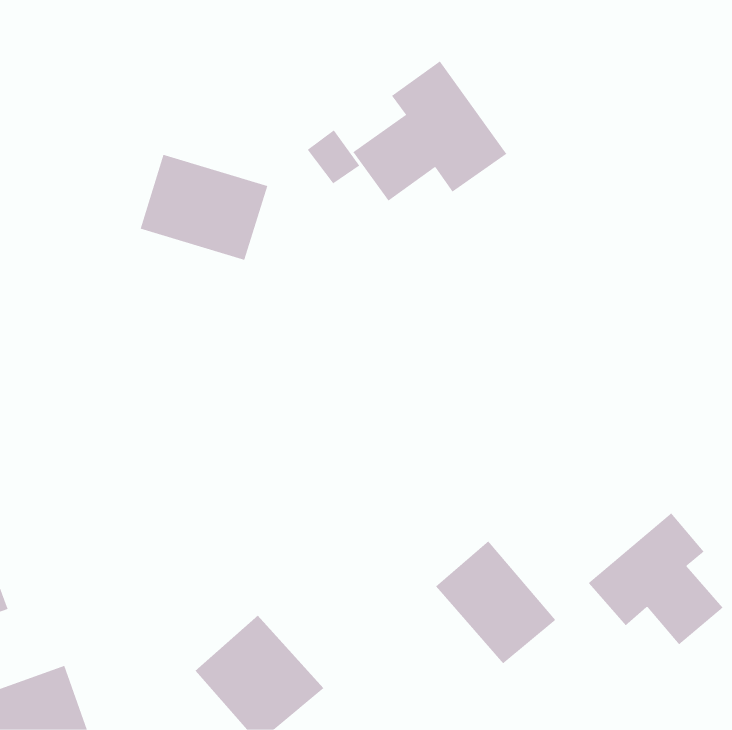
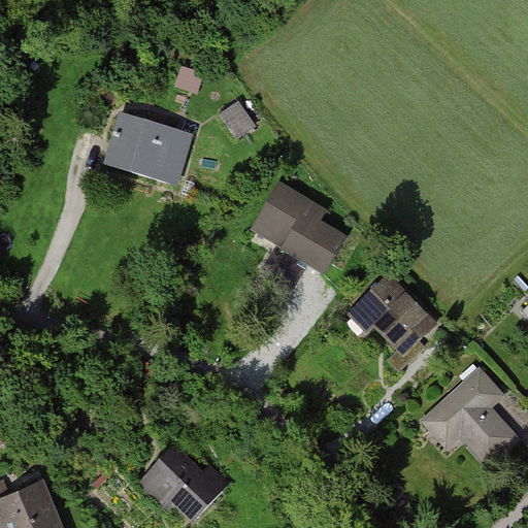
building: [352,61,507,201] -> none
building: none -> [256,186,344,274]
building: [435,540,556,664] -> [350,273,436,362]

